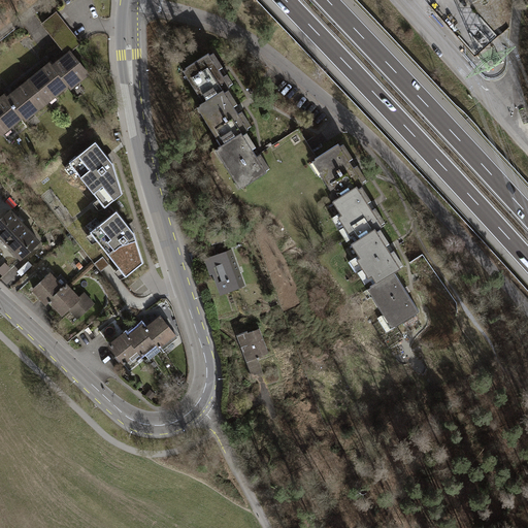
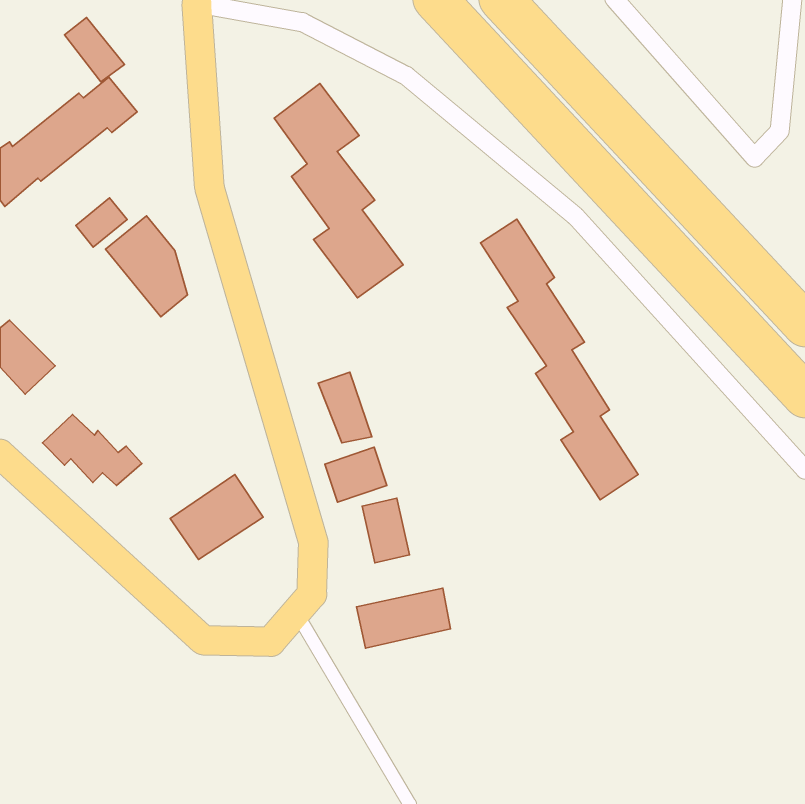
building: none -> [76,198,127,247]
building: [93,212,143,274] -> none
building: none -> [325,447,387,502]
building: none -> [356,588,451,648]

